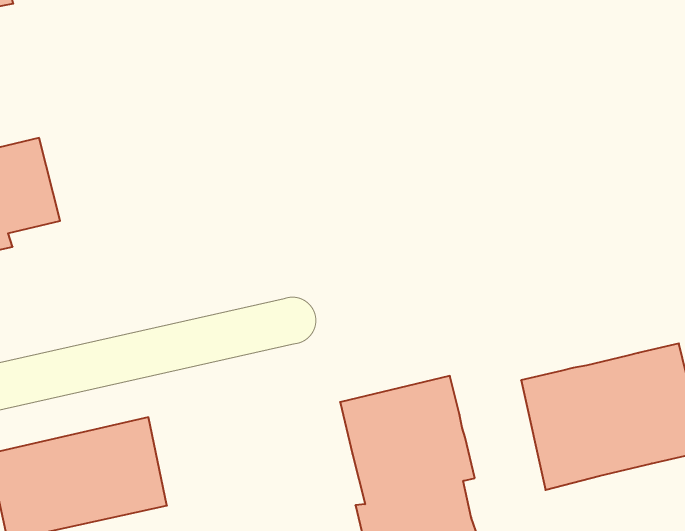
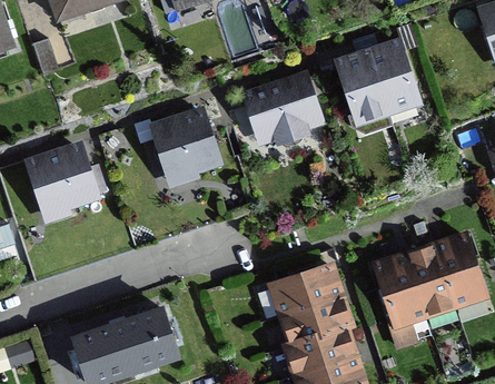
building: none -> [338,43,422,126]
building: none -> [238,73,319,148]
building: none -> [157,112,219,184]

